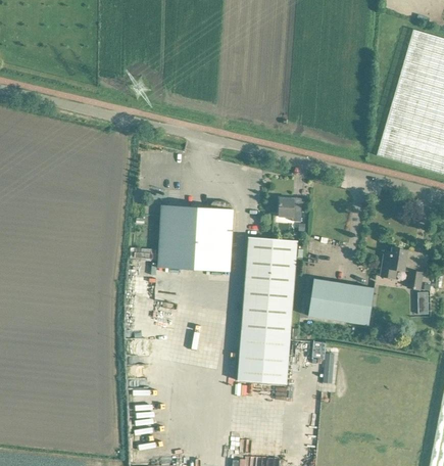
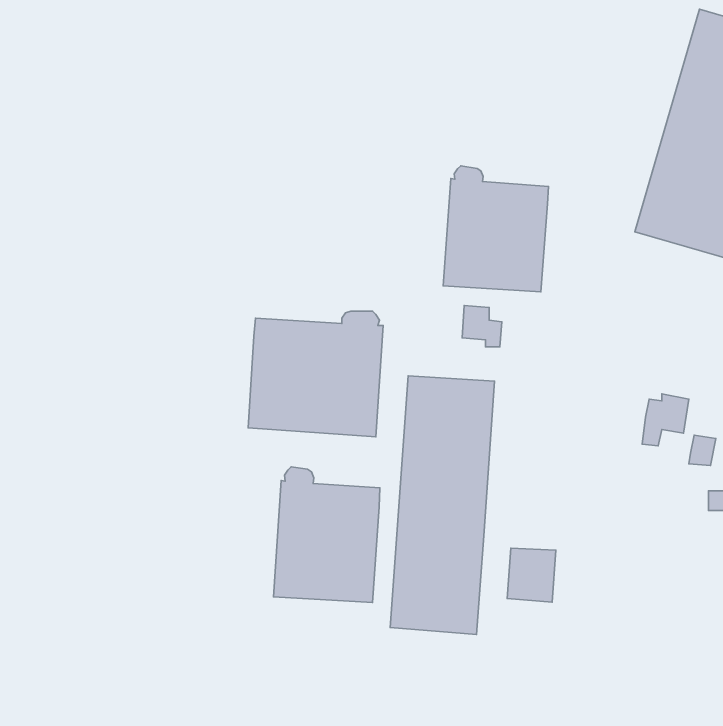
building: none -> [443,166,548,292]
building: [307,279,375,325] -> none
building: none -> [274,467,380,603]

